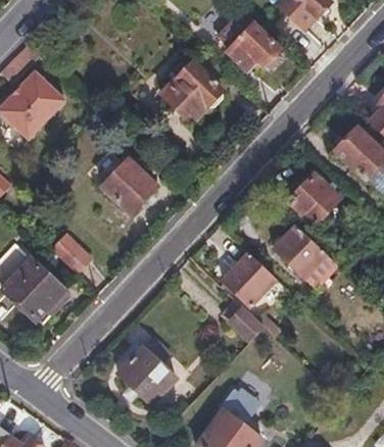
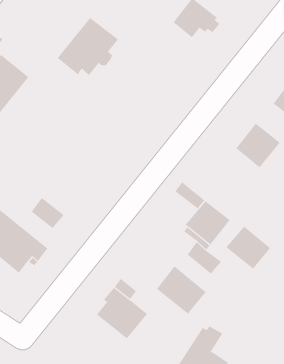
building: [163,52,235,118] -> [57,17,119,76]
building: [101,159,157,215] -> none
building: [274,226,325,276] -> [225,226,271,270]
building: none -> [156,266,207,315]

